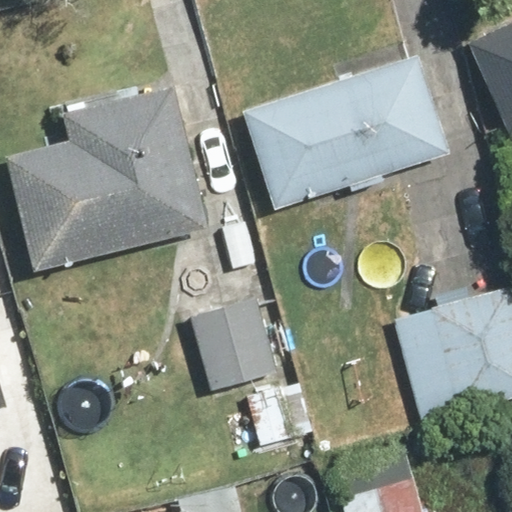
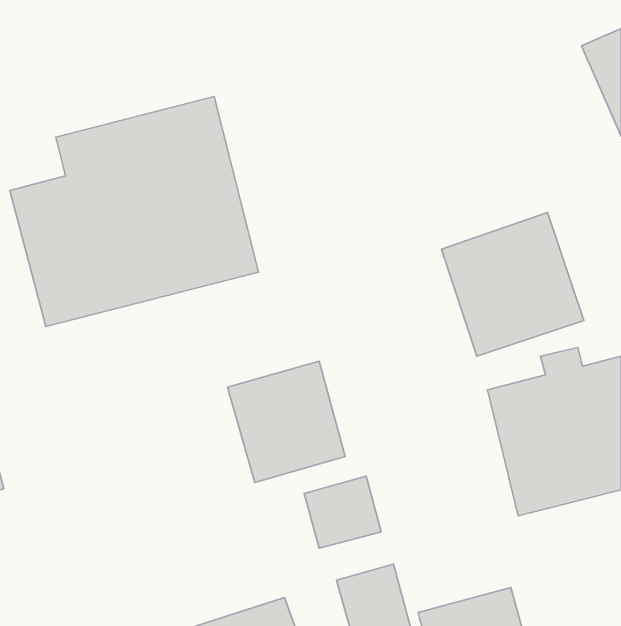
building: [245,56,451,211] -> none
building: none -> [441,212,584,356]

